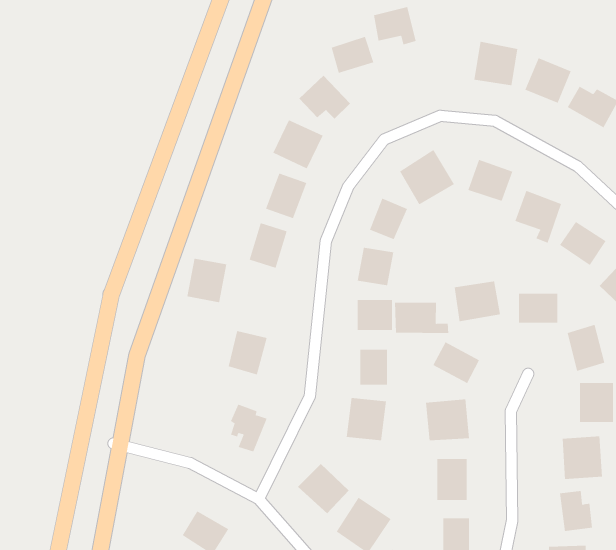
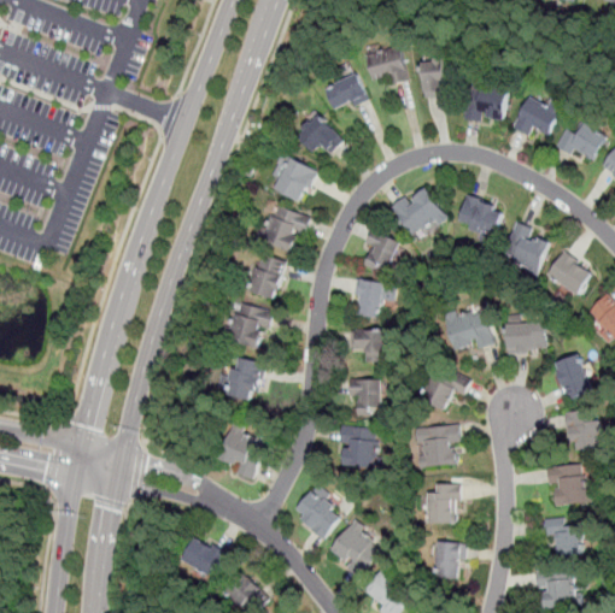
building: none -> [418,55,455,98]
building: [186,258,227,303] -> [228,305,268,348]
building: [395,302,449,334] -> none

